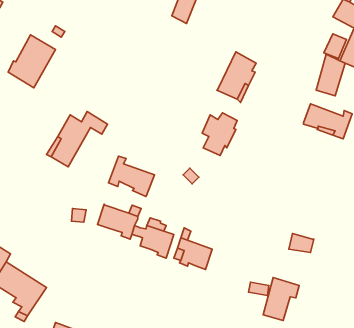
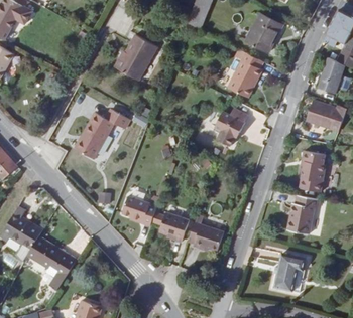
building: none -> [243,15,279,54]
building: [8,35,55,88] -> [115,32,157,80]
building: [108,156,155,196] -> none
building: none -> [304,150,330,191]
building: none -> [293,194,322,220]

